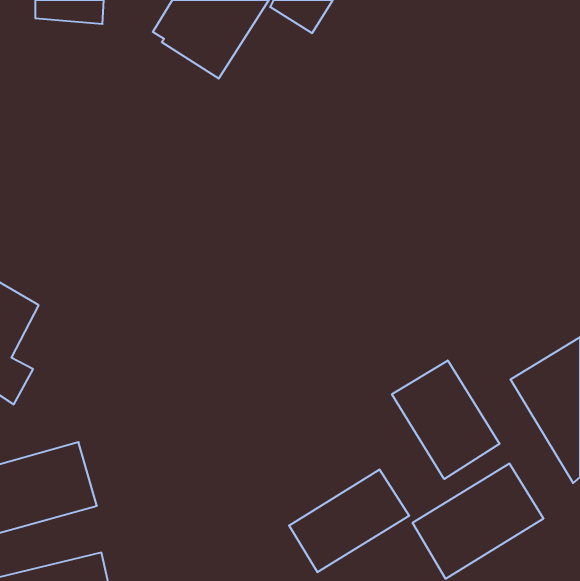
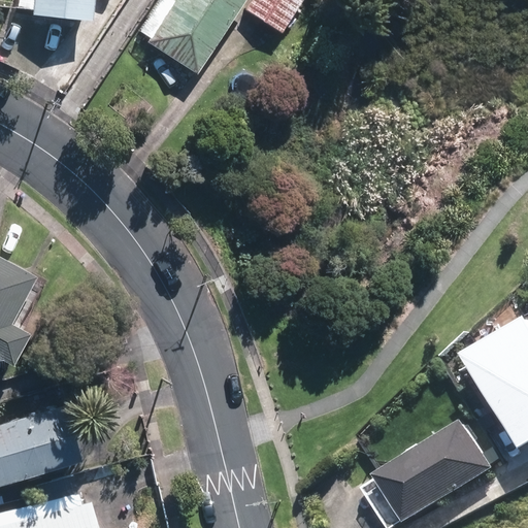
building: [392,360,500,479] -> none
building: [289,469,409,572] -> none

